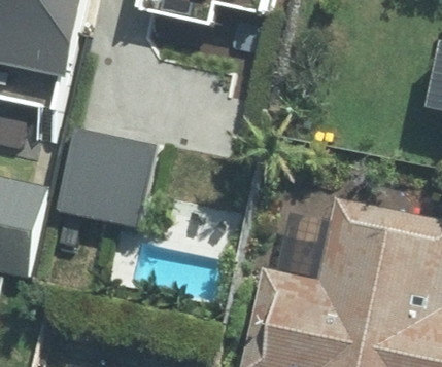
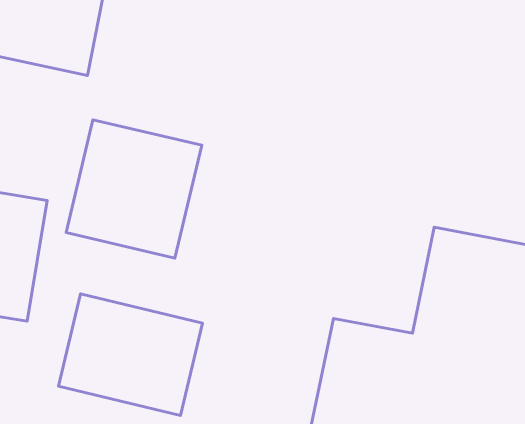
building: none -> [59,294,203,416]

